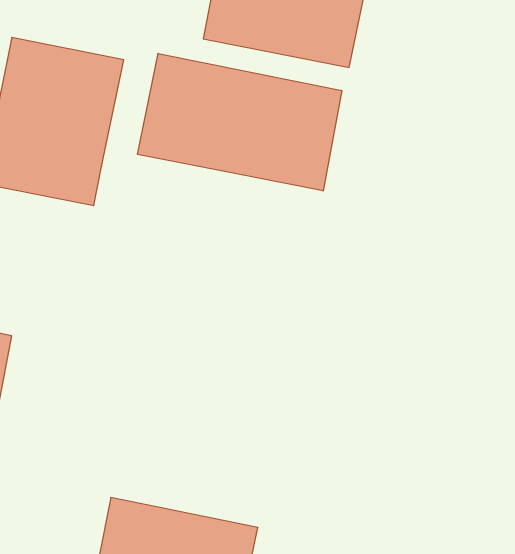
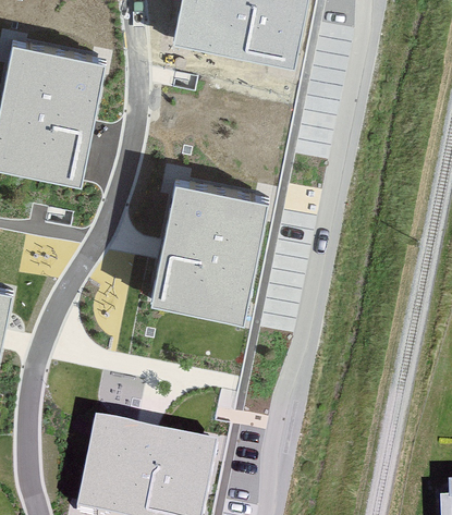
building: [137,53,342,191] -> none
building: none -> [150,176,268,317]

